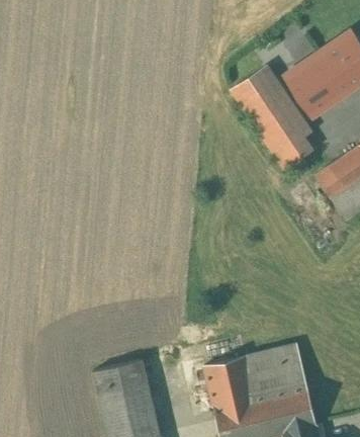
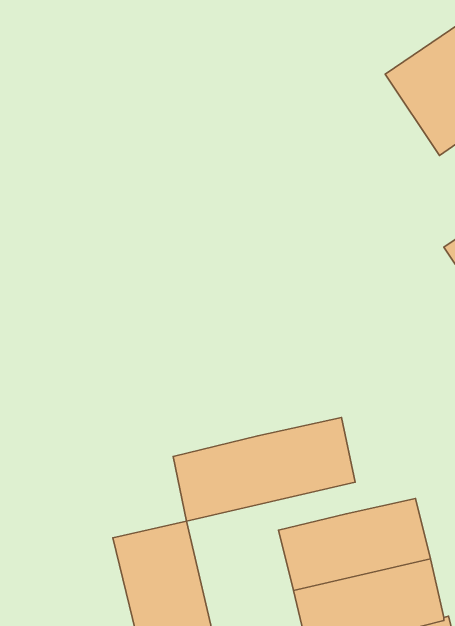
building: [232,61,313,170] -> none
building: none -> [173,418,355,521]

